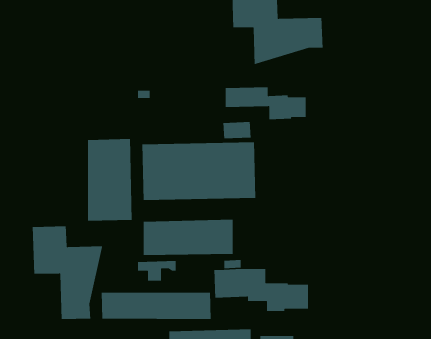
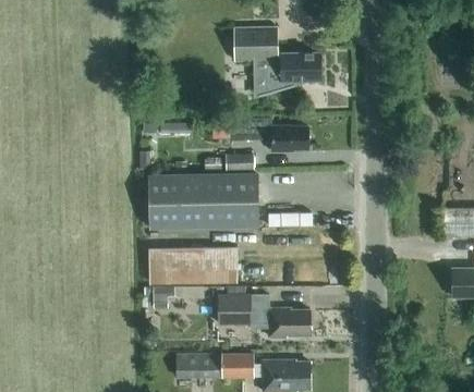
building: [87,138,132,222] -> none
building: [32,225,103,320] -> none
building: [101,292,211,320] -> none

